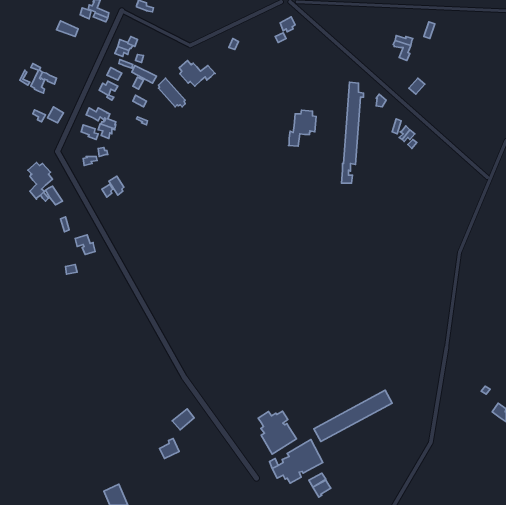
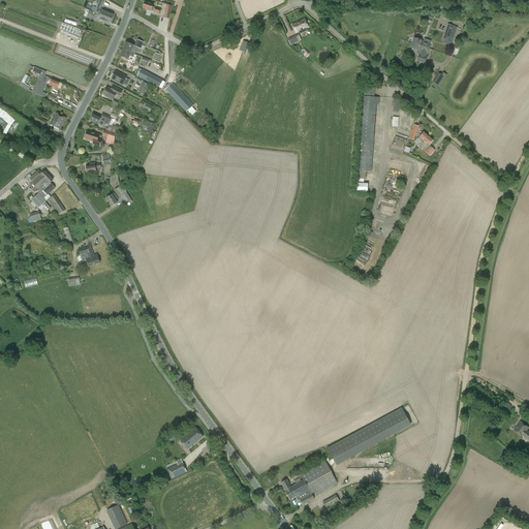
building: [179,60,215,86] -> none
building: [288,110,316,146] -> none
building: [258,411,297,454] -> none

